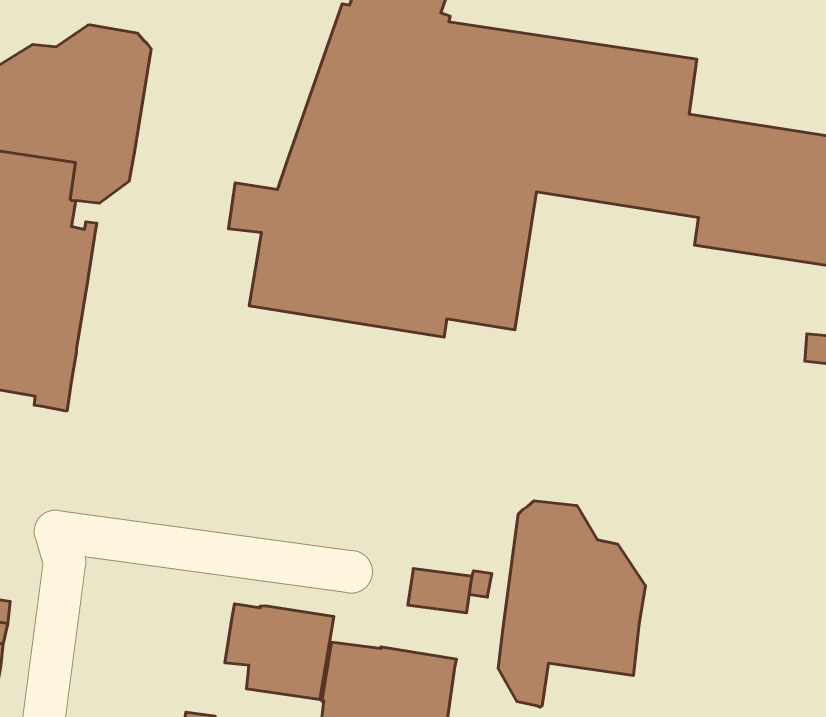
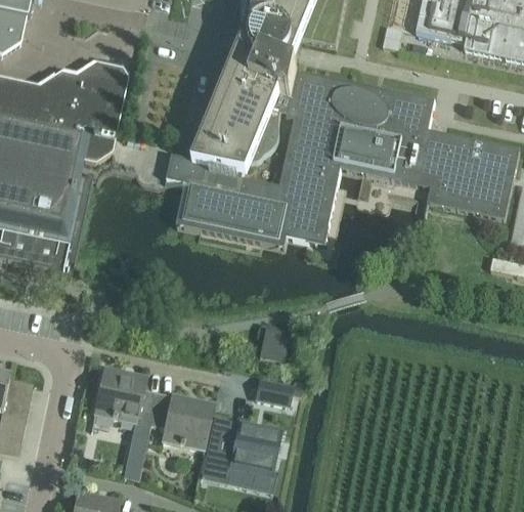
building: none -> [257,328,288,360]
building: [498,501,646,707] -> none
building: none -> [92,367,157,436]

